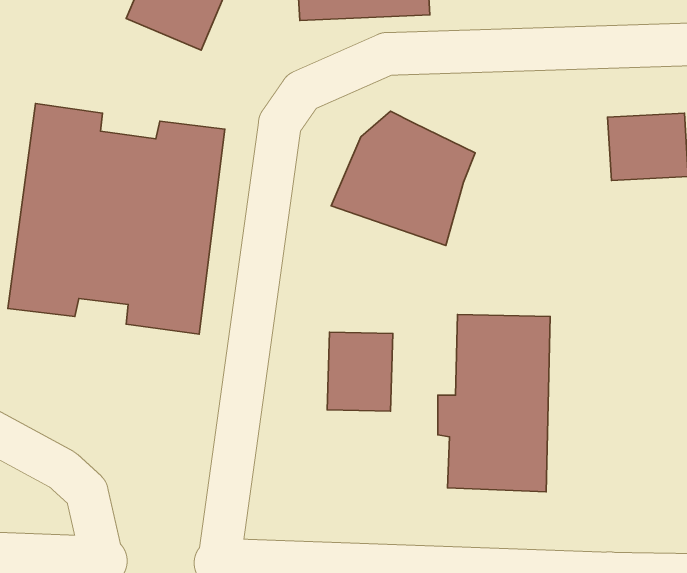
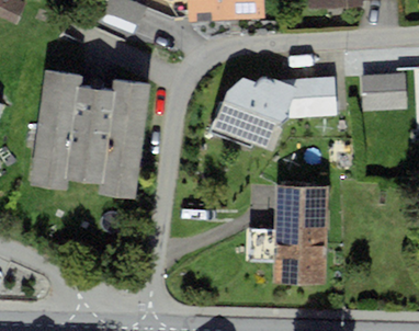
building: none -> [256,73,337,115]
building: [327,332,393,411] -> none

